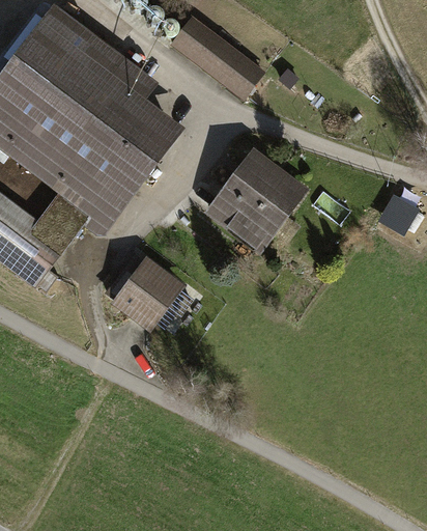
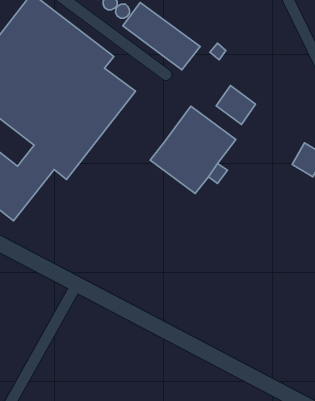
building: none -> [216,86,256,124]
building: [104,252,184,334] -> none

